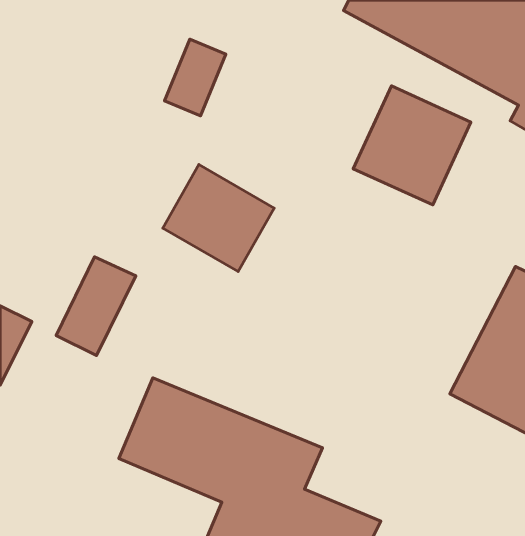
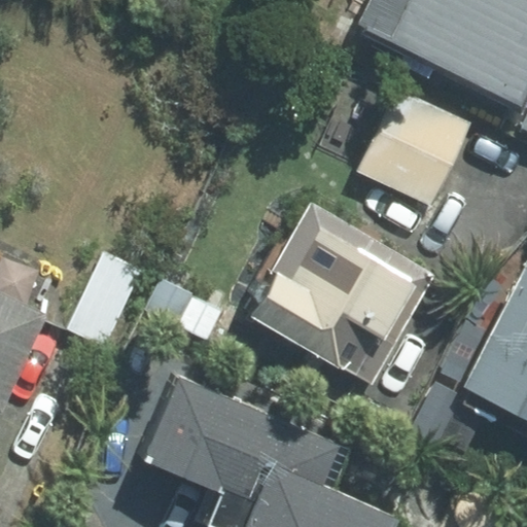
building: [163,165,274,272] -> none
building: none -> [242,202,432,387]

